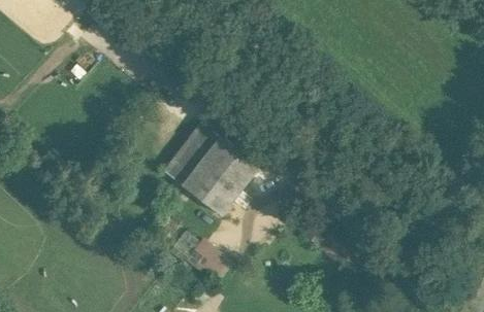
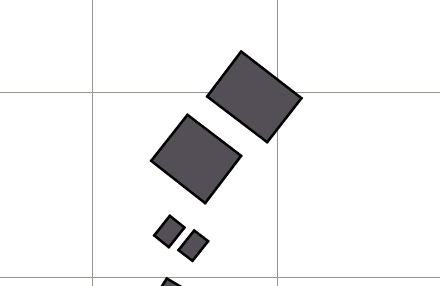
building: none -> [207,52,301,142]

